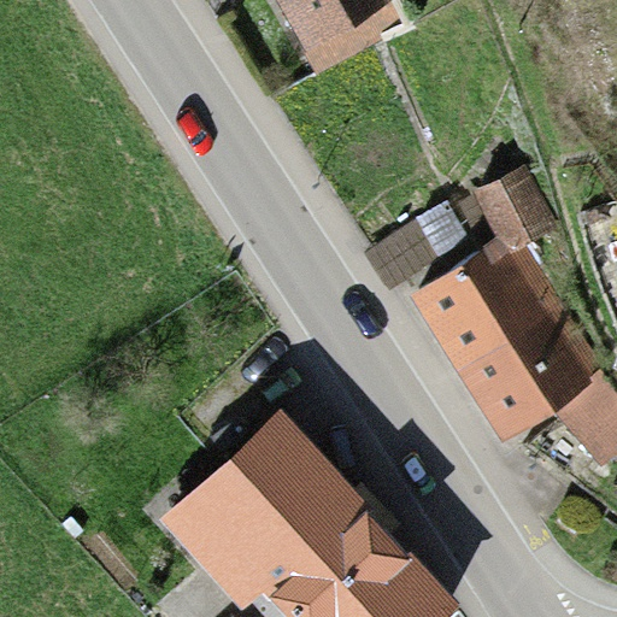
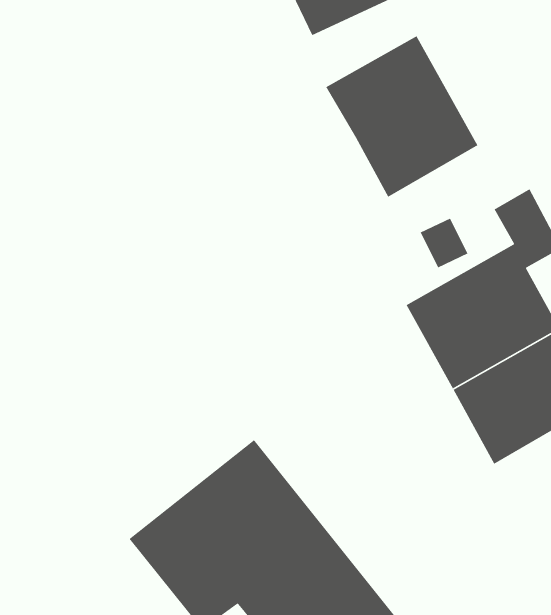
building: none -> [325,35,479,198]

